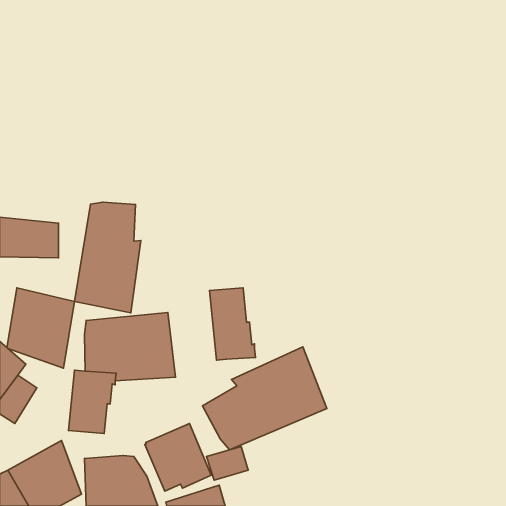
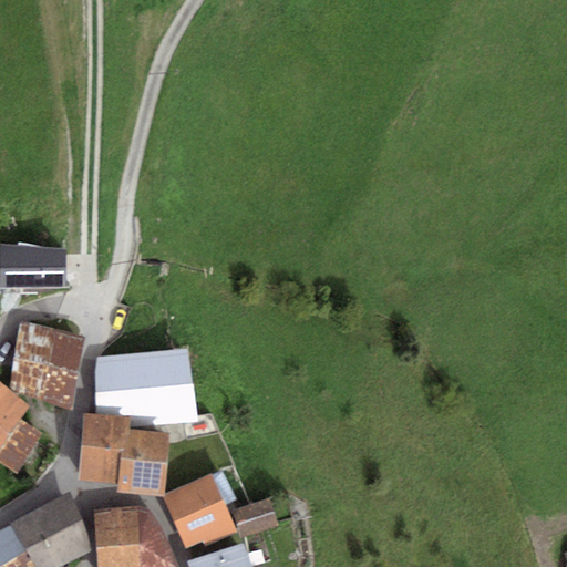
building: [74,202,141,313] -> none
building: [210,288,256,360] -> none
building: [203,347,327,450] -> none
building: none -> [115,429,169,496]

